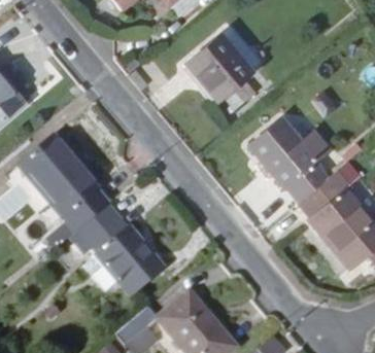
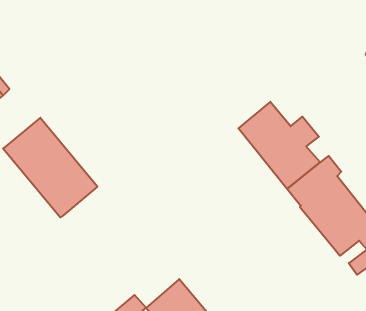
building: [180,29,262,113] -> none
building: [78,201,163,289] -> none

